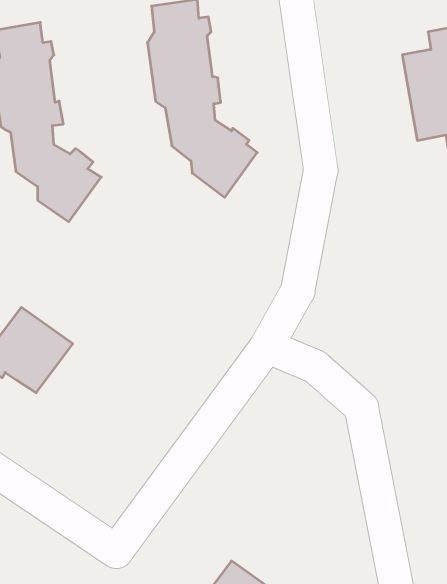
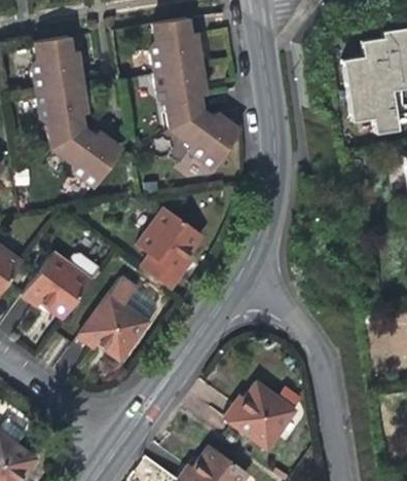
building: none -> [139,209,206,289]
building: none -> [80,278,158,358]
building: none -> [228,380,298,446]

